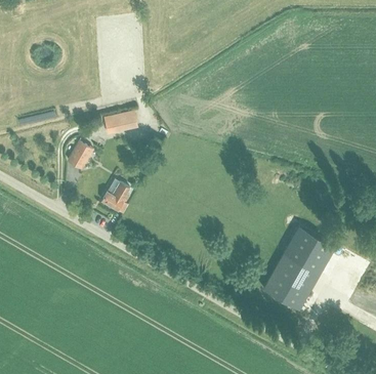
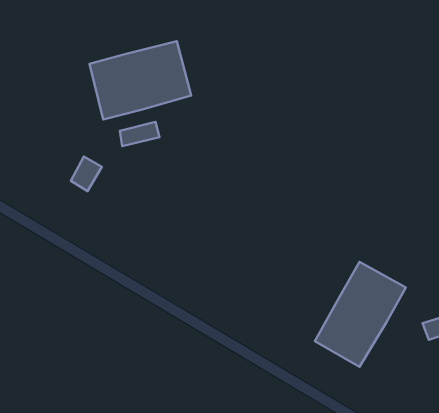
building: none -> [89,41,191,119]
building: [101,184,129,214] -> none

